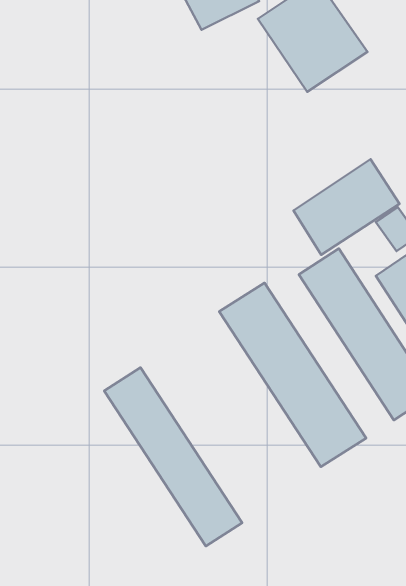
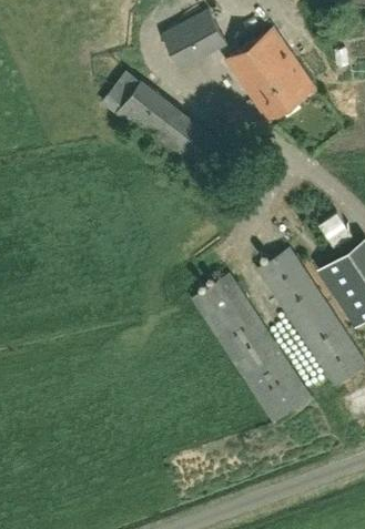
building: none -> [101,70,221,175]
building: [293,159,400,255] -> none
building: [104,367,242,546] -> none

